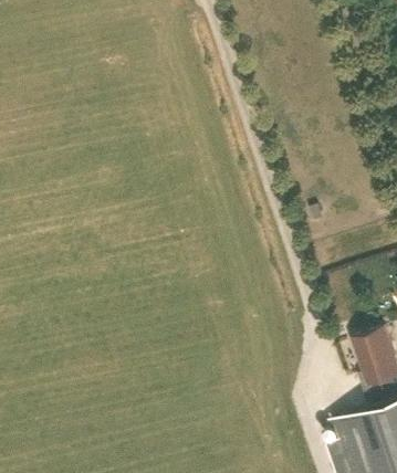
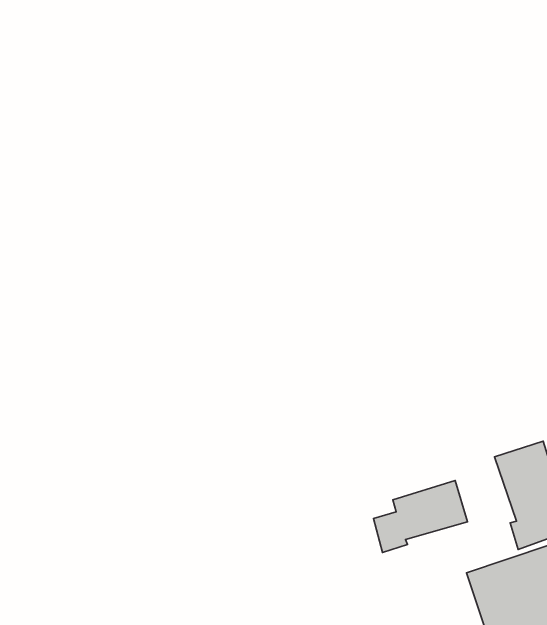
building: none -> [374,480,467,553]

